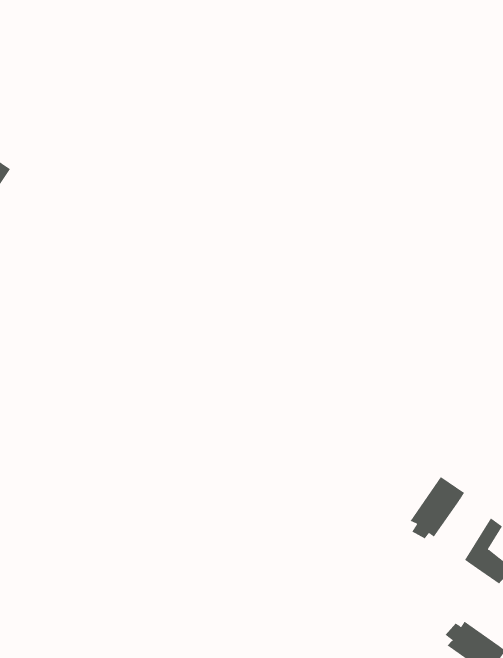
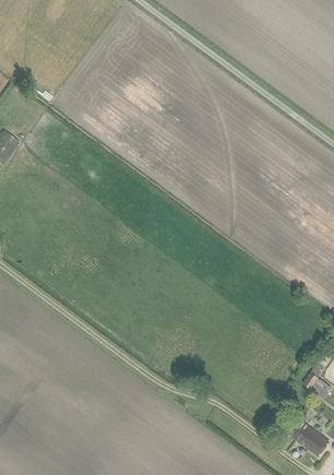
building: [410,476,465,539] -> none

